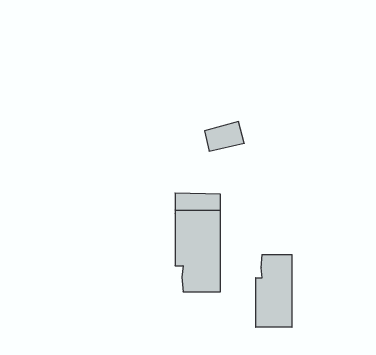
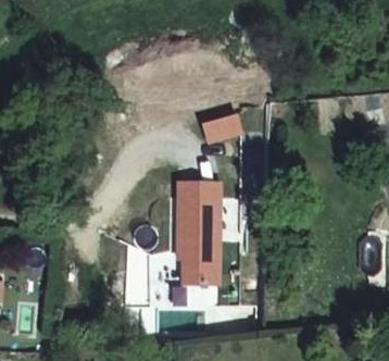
building: [256,255,292,327] -> none

